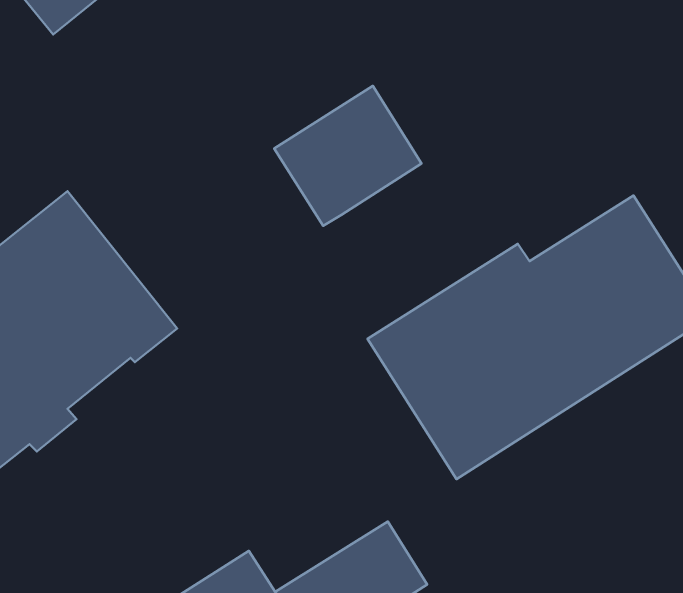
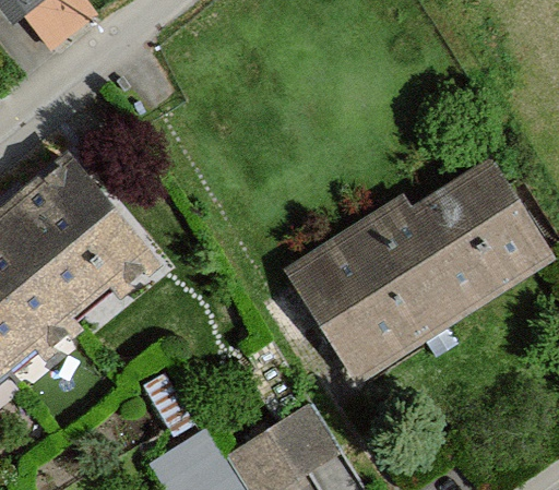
building: [274,86,422,226] -> none

